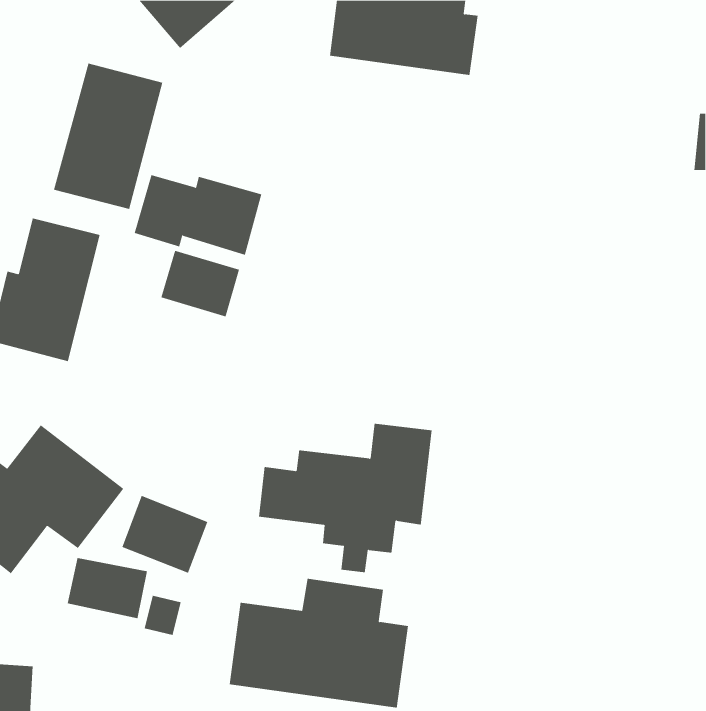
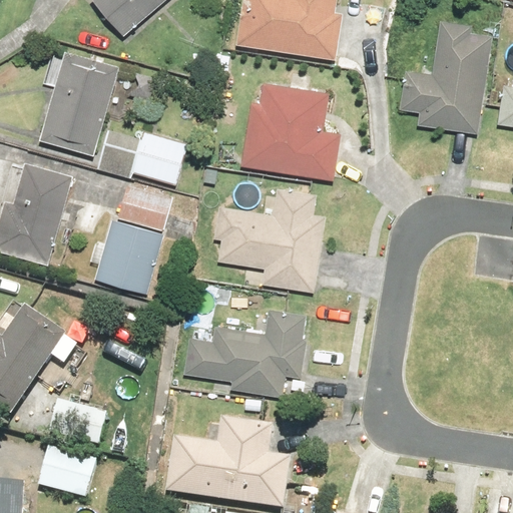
building: none -> [400,22,493,133]
building: none -> [241,83,339,176]
building: none -> [211,187,323,291]
building: none -> [89,214,162,295]
building: [122,495,208,574] -> [36,446,98,502]

